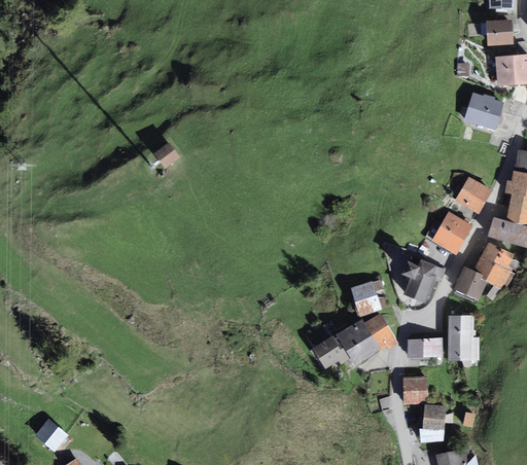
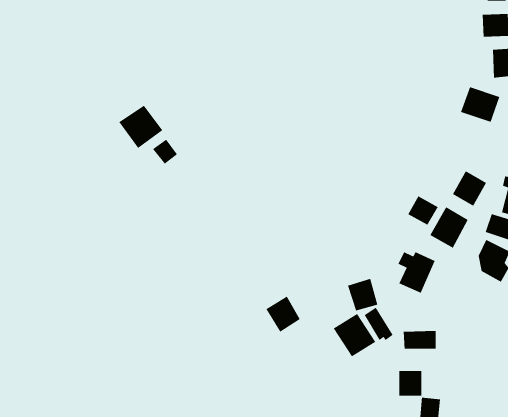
building: none -> [119,105,163,149]
building: none -> [408,196,438,226]
building: [455,271,491,305] -> none
building: [448,314,477,358] -> none
building: [311,333,346,370] -> [265,296,300,333]

